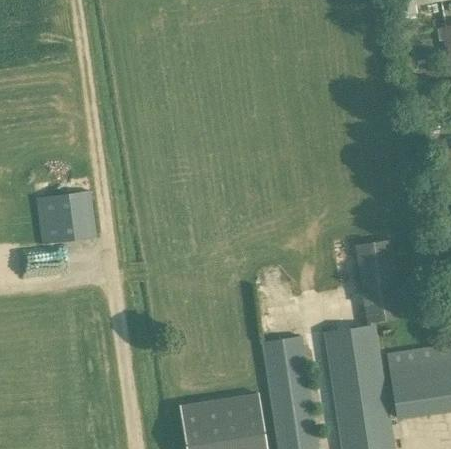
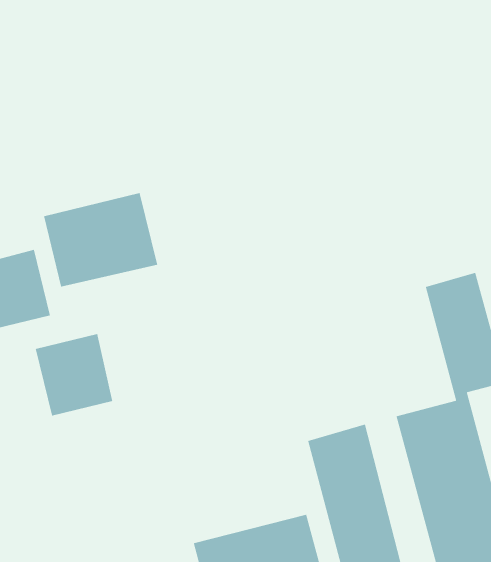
building: none -> [43,192,158,287]
building: none -> [35,333,113,417]

